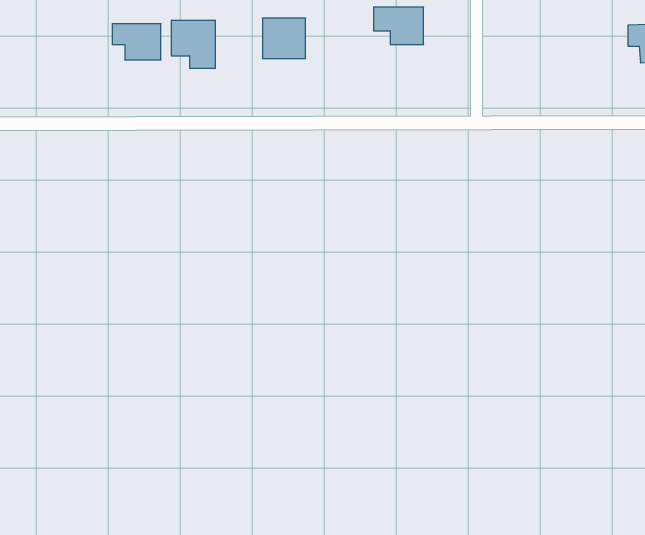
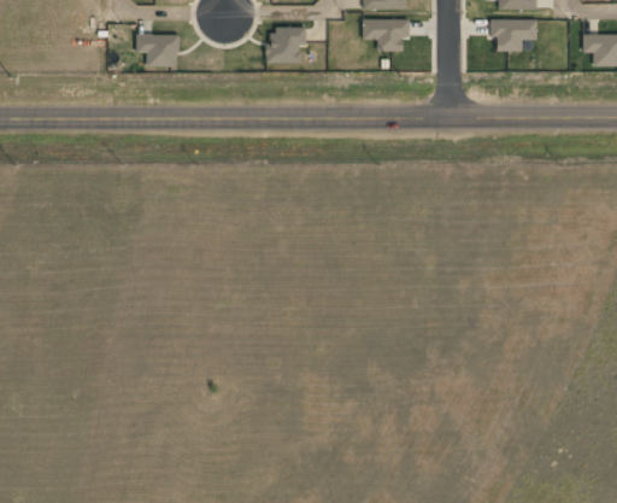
building: none -> [490,21,531,52]
building: [172,20,215,69] -> none

